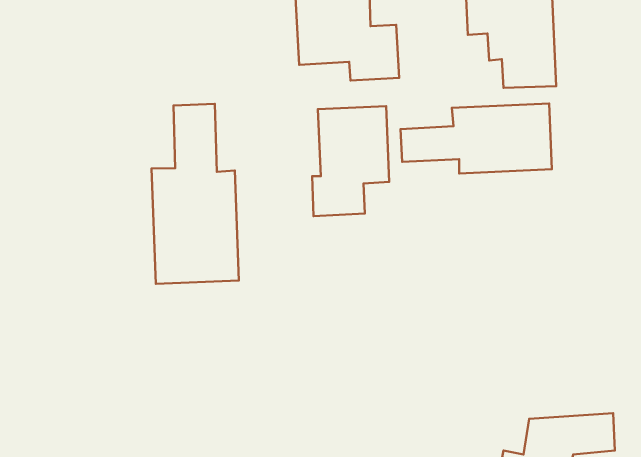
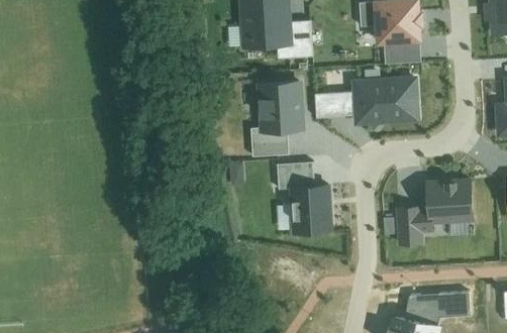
building: [152,104,239,284] -> none
building: none -> [279,163,333,234]
building: none -> [396,179,474,246]

